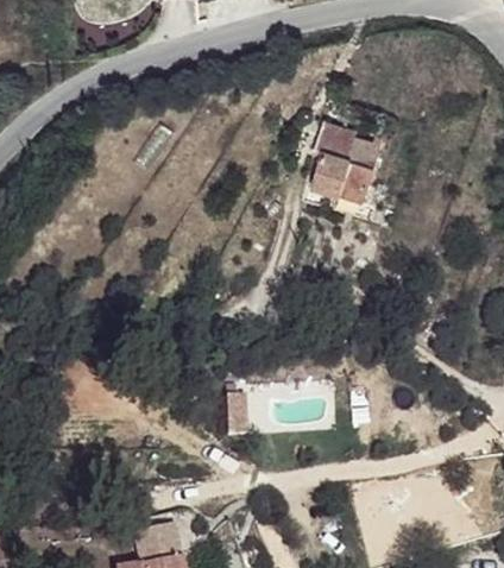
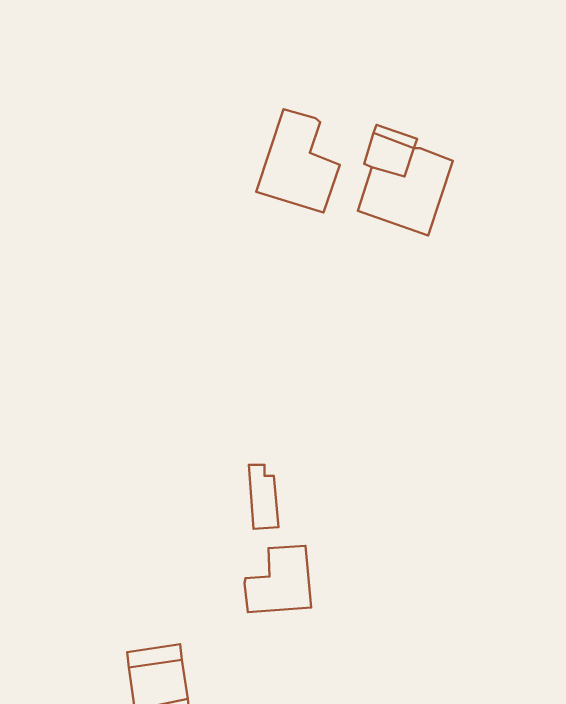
building: none -> [256,109,340,213]
building: none -> [244,546,311,612]

